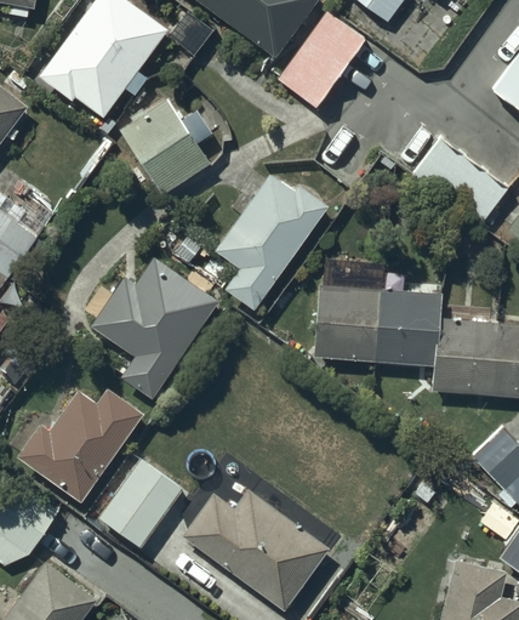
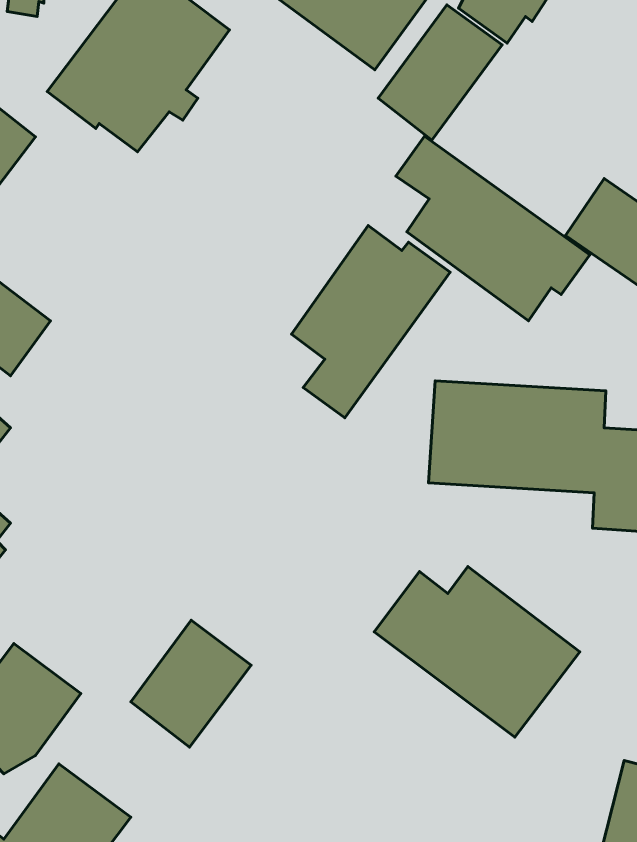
building: [119,98,213,195] -> none
building: none -> [396,136,590,321]
building: [91,255,219,403] -> none
building: [17,387,144,501] -> none
building: [181,488,330,612] -> [374,567,580,737]

